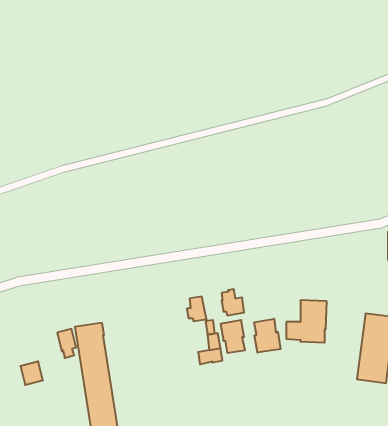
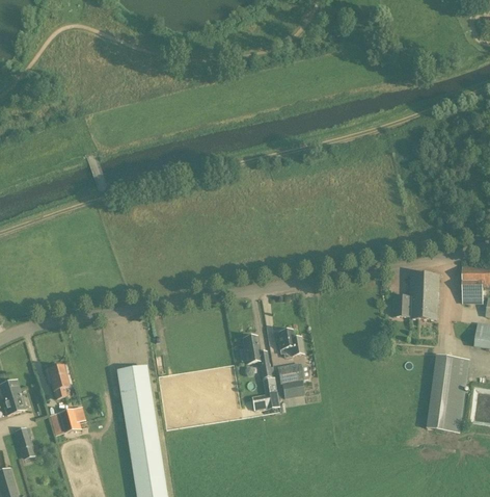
building: [286,300,327,343] -> [394,272,439,319]
building: [254,319,281,353] -> none
building: [57,329,76,358] -> [48,366,69,398]

